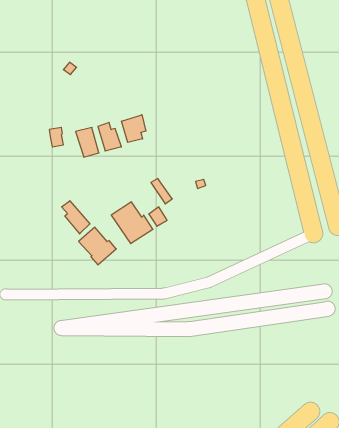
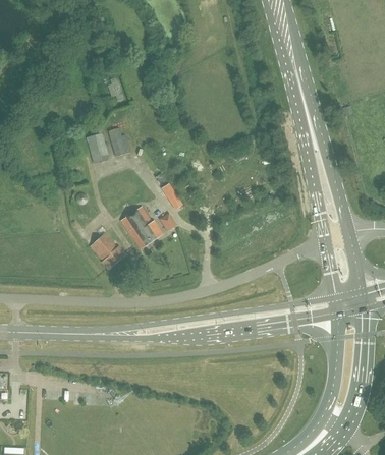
building: [122,115,146,142] -> none
building: [62,201,90,234] -> none

